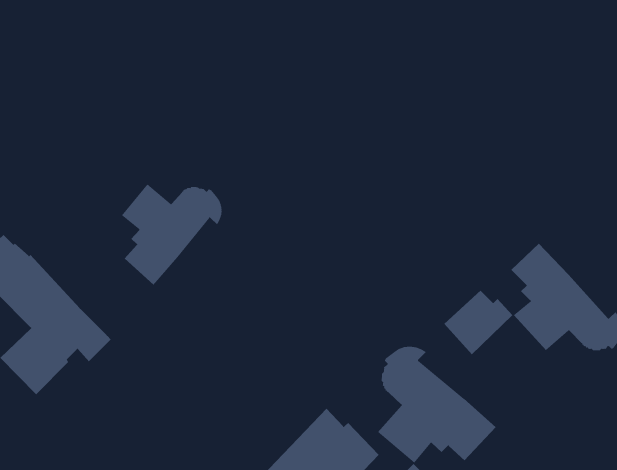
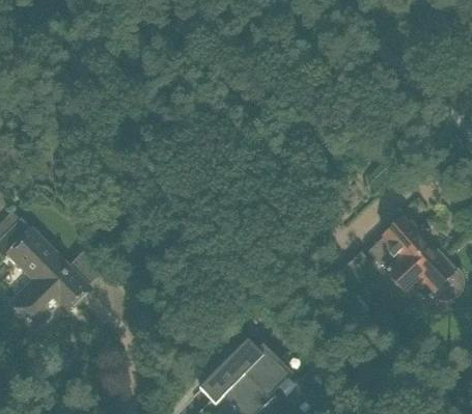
building: [121,183,222,286] -> none
building: [377,346,497,464] -> none

